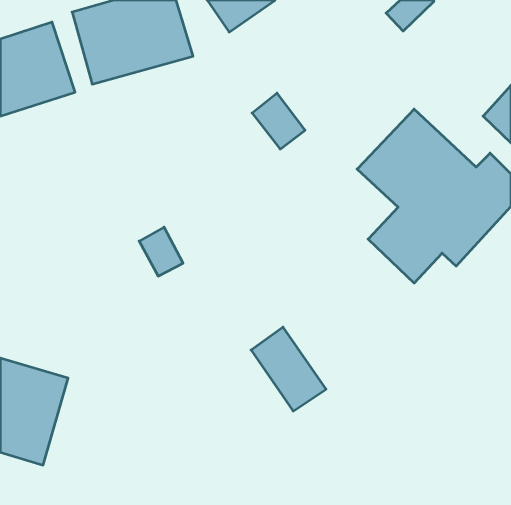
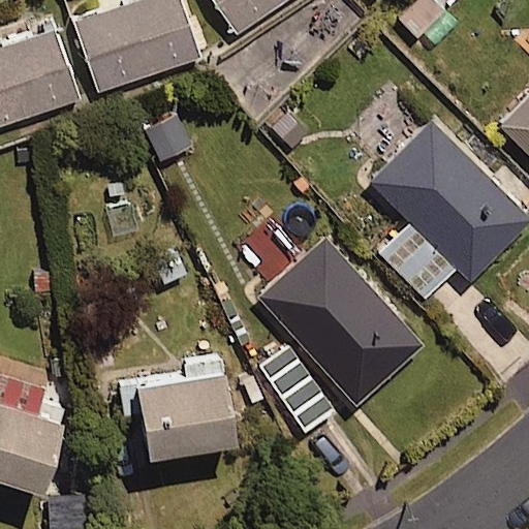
building: none -> [256,238,421,405]
building: none -> [117,363,238,454]

